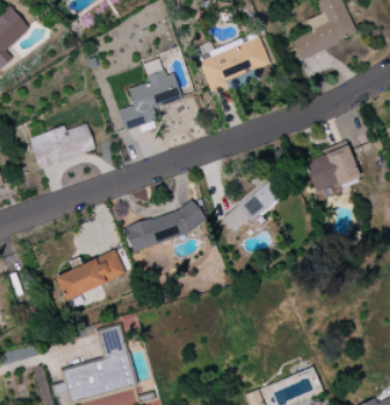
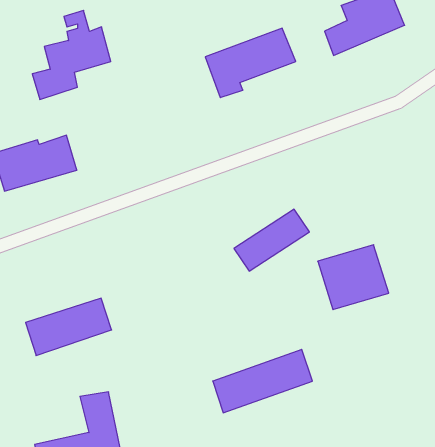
building: [119,59,181,130] -> [32,10,111,99]
building: [305,145,361,197] -> [318,245,389,310]
building: [125,202,204,252] -> [213,349,312,413]

